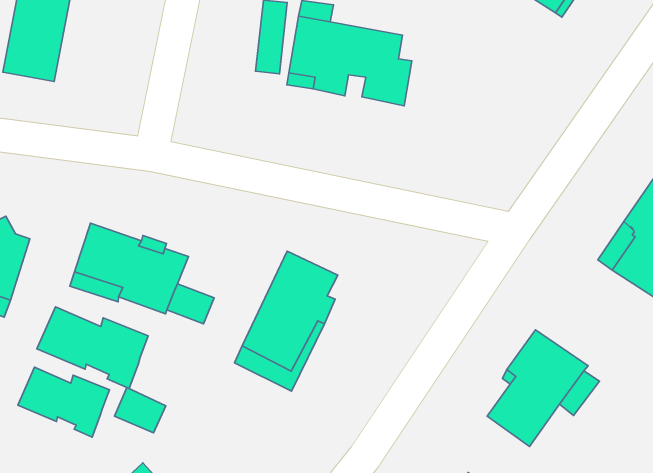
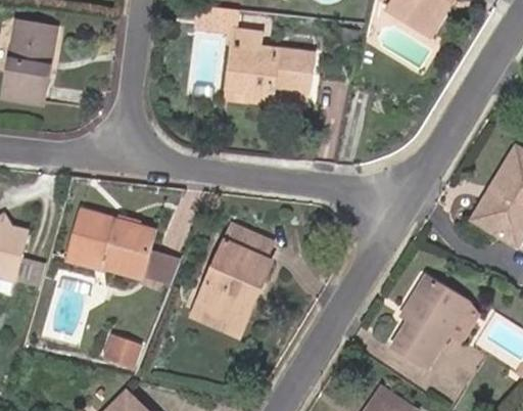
building: [37,307,148,388] -> none
building: [18,367,109,437] -> none

